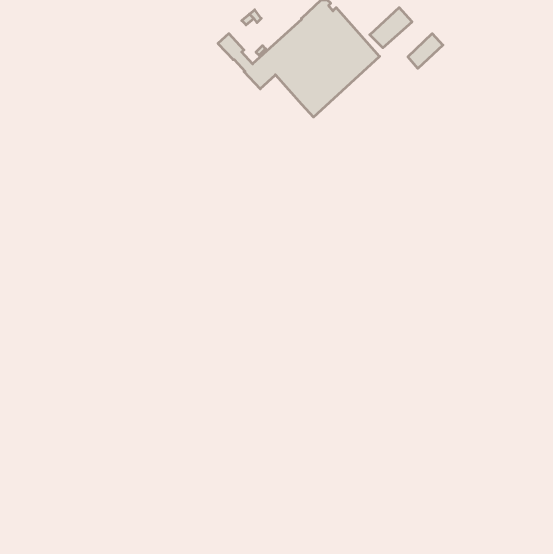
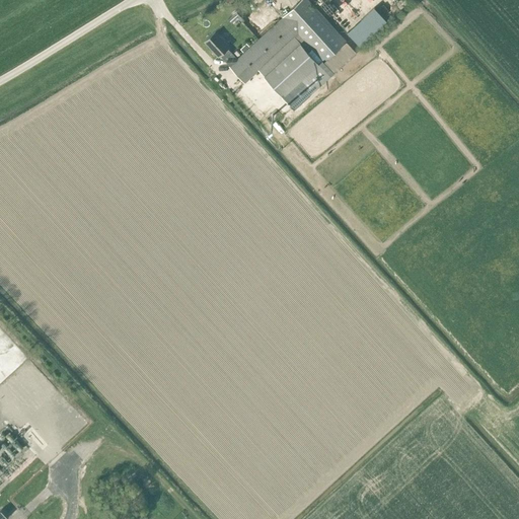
building: [408,34,443,68] -> none

